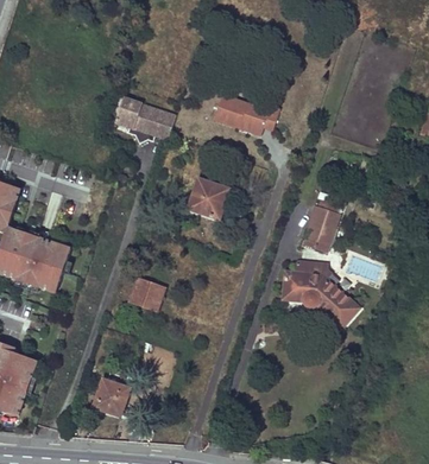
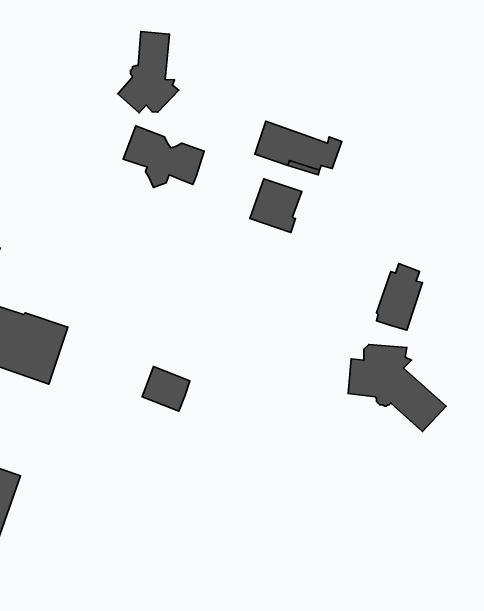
building: none -> [118,32,179,113]
building: [188,178,227,218] -> [250,179,302,233]
building: [93,379,128,413] -> none

